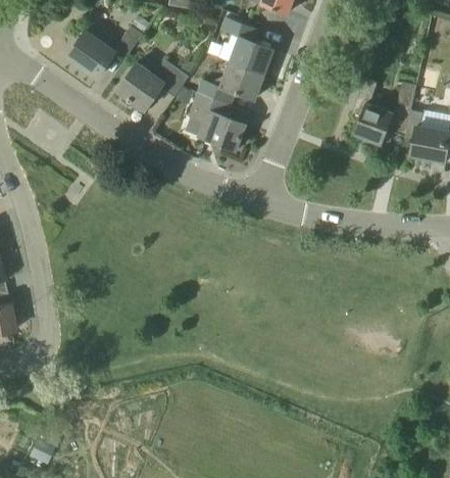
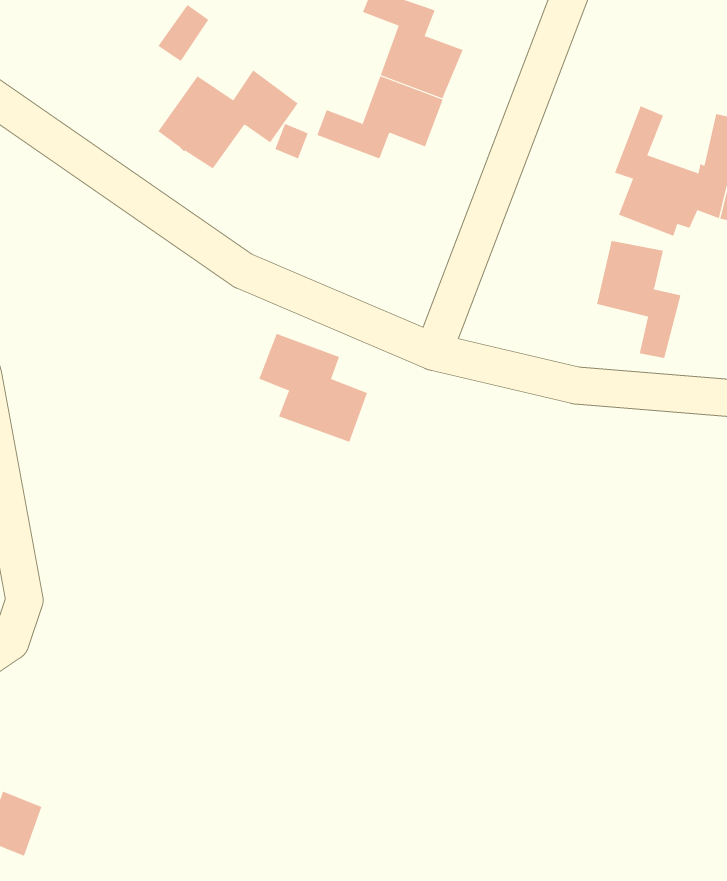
building: [67,31,115,78] -> none
building: [189,93,245,149] -> [258,333,368,442]
building: none -> [597,239,681,359]

